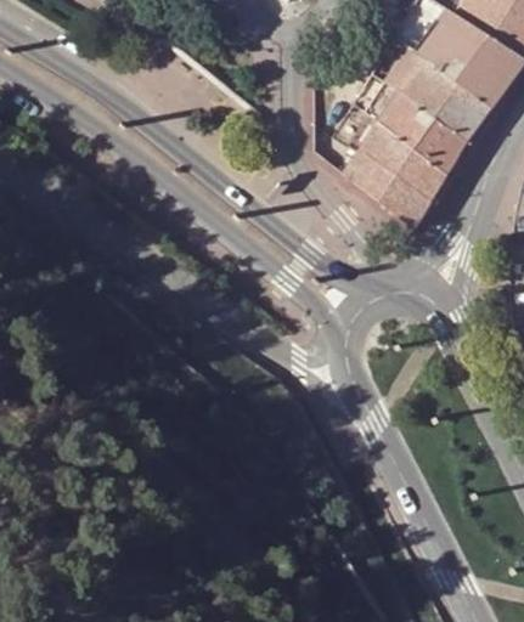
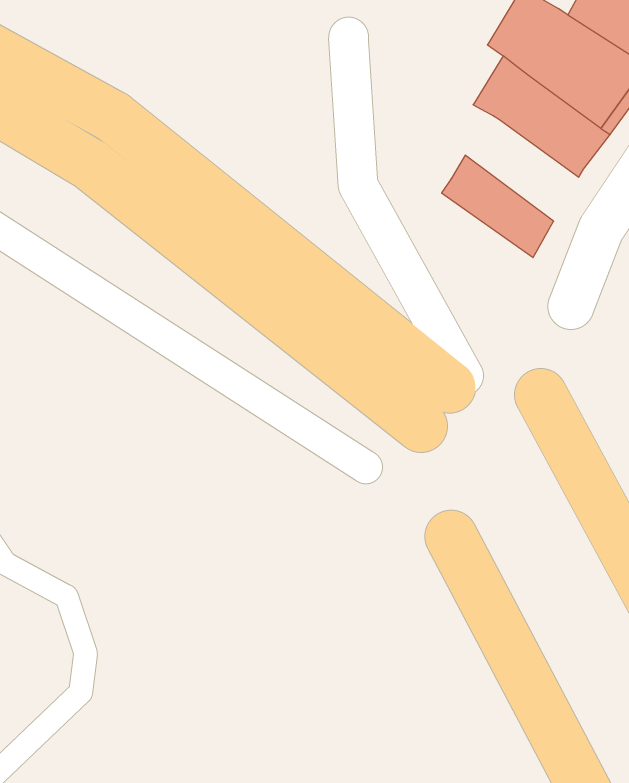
building: [366,83,467,173] -> none
building: [345,151,432,227] -> none

